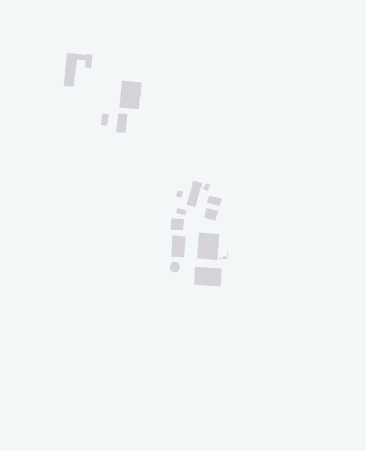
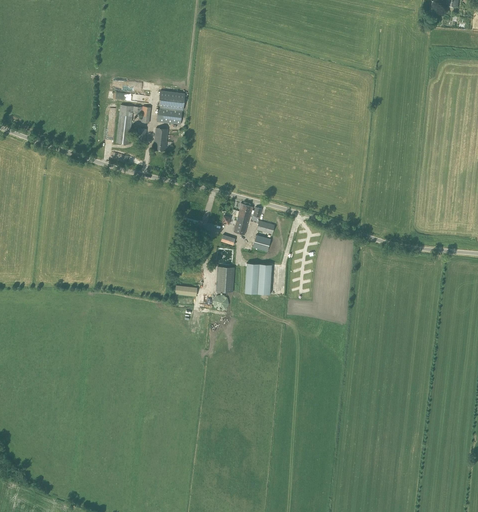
building: [63,53,94,87] -> [116,105,151,144]
building: [193,266,222,287] -> none

